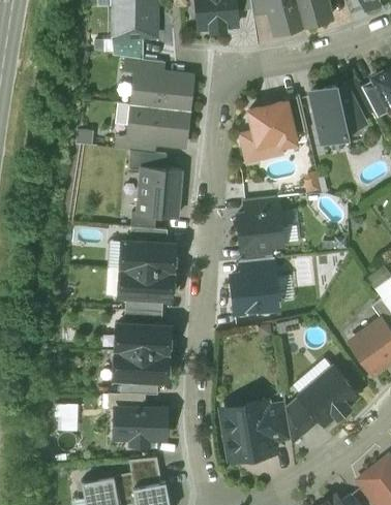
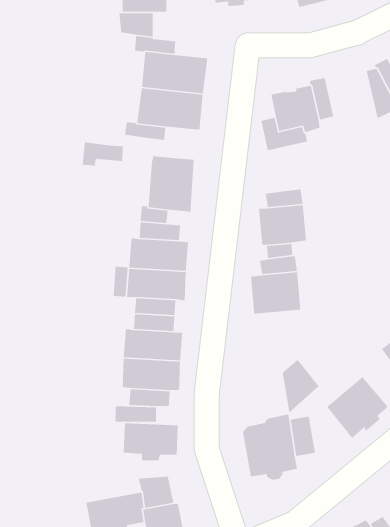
building: [311,85,348,140] -> none
building: [128,150,167,172] -> [82,141,124,166]
building: [285,394,320,444] -> [282,359,319,414]

